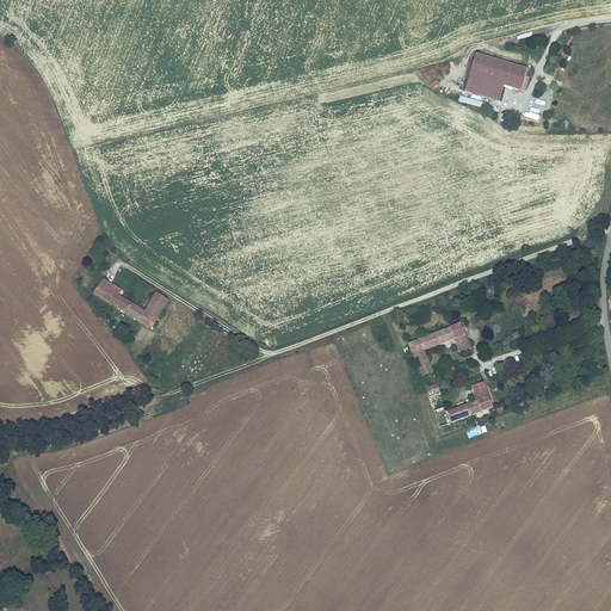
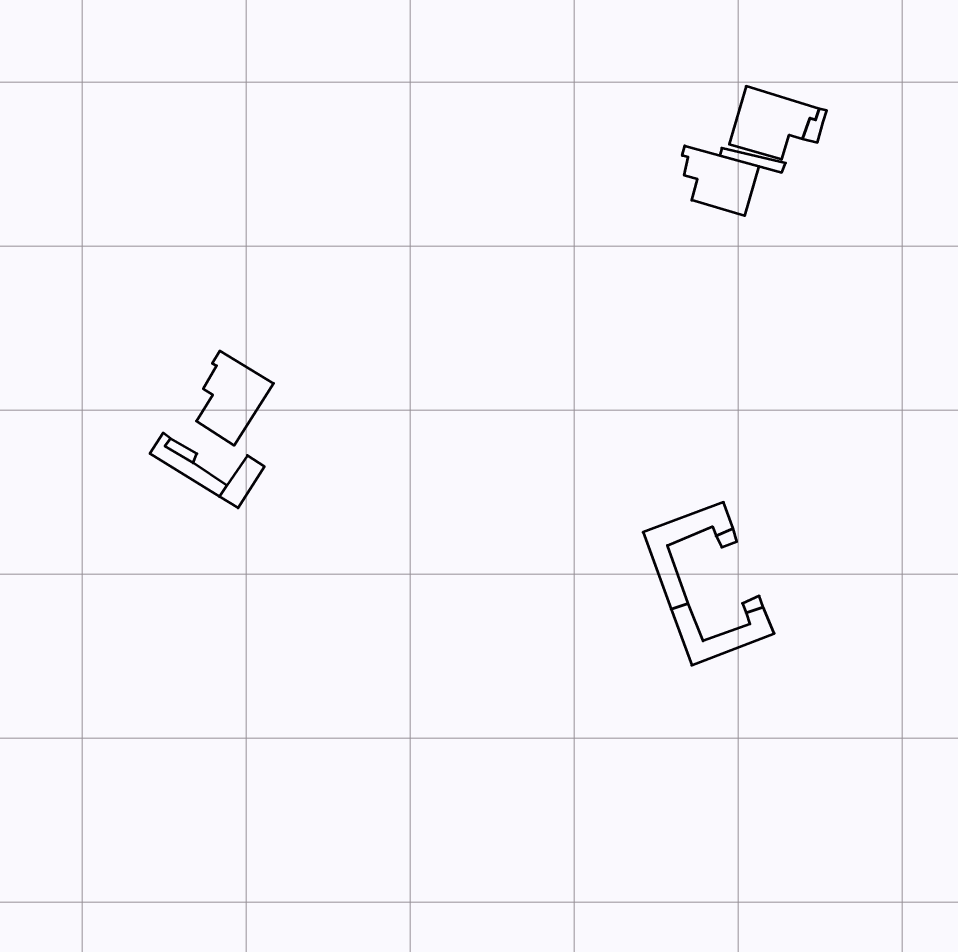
building: none -> [682,146,759,216]
building: none -> [196,351,274,445]

